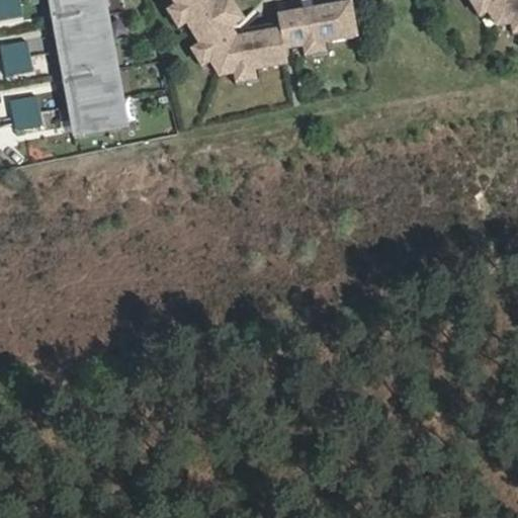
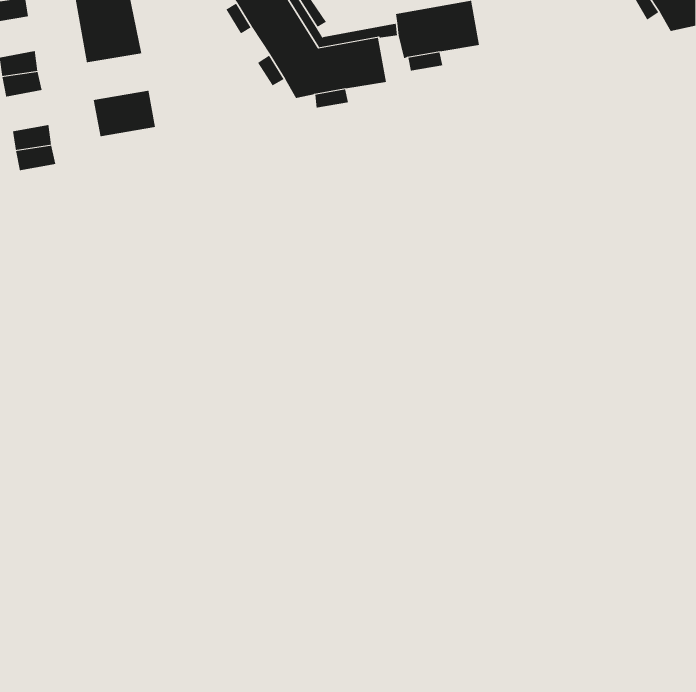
building: [64,39,110,74] -> none
building: [74,94,120,130] -> none

